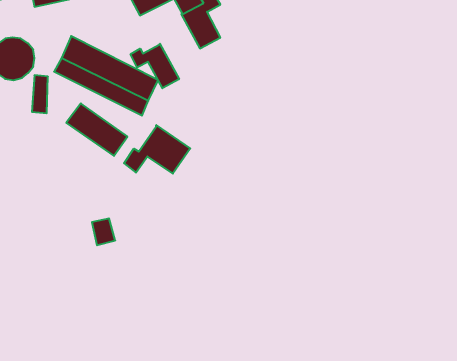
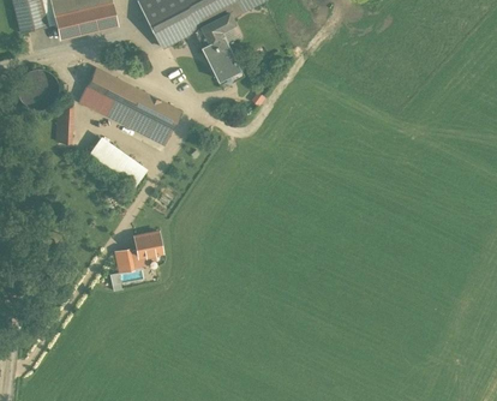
building: [131,44,179,88] -> none
building: [124,125,190,174] -> none
building: none -> [132,232,161,257]

